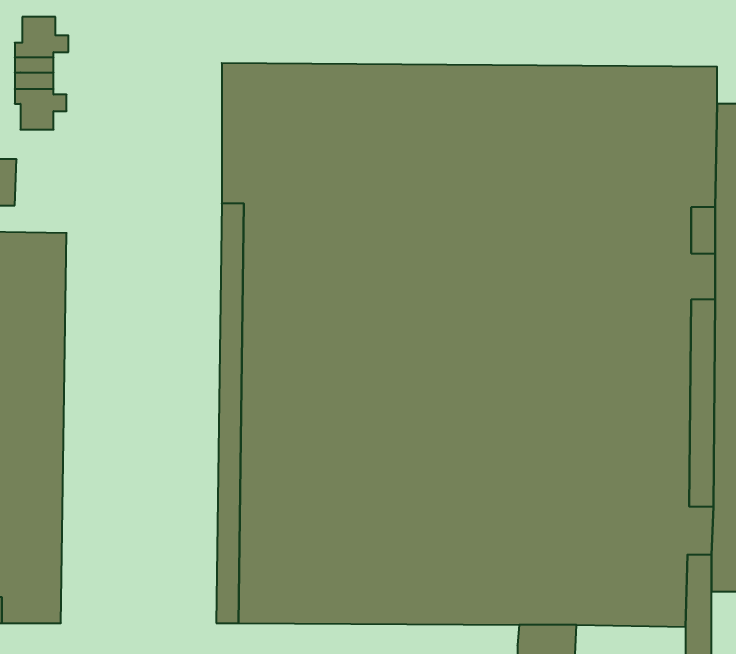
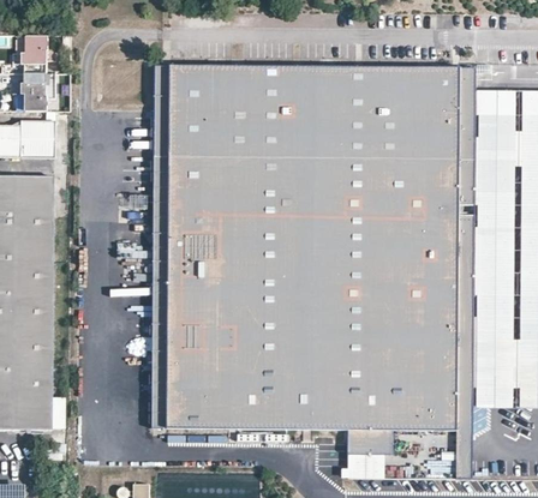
building: none -> [20,122,54,157]

